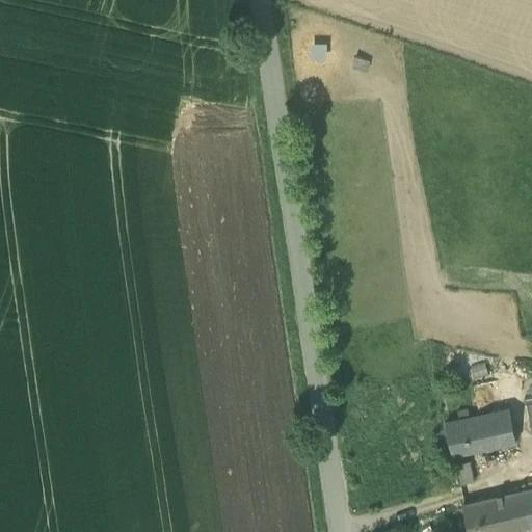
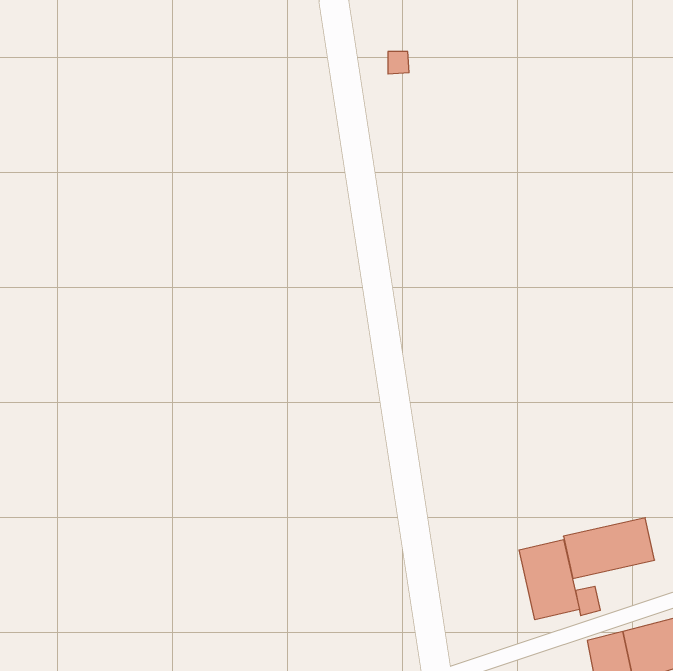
building: none -> [519,540,579,620]

